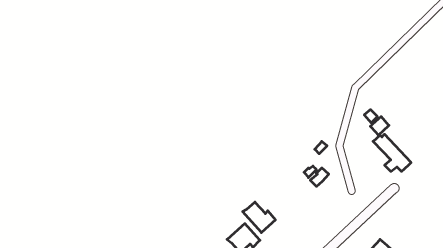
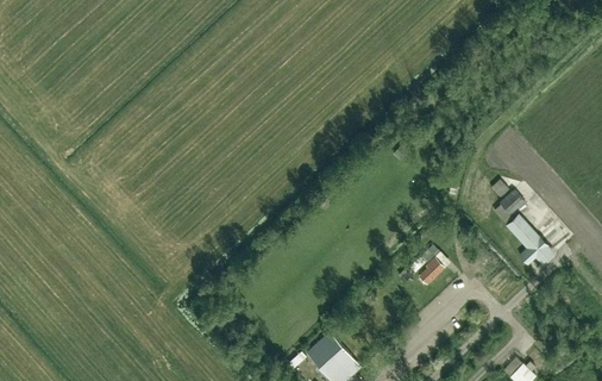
building: [243,202,275,233] -> none

